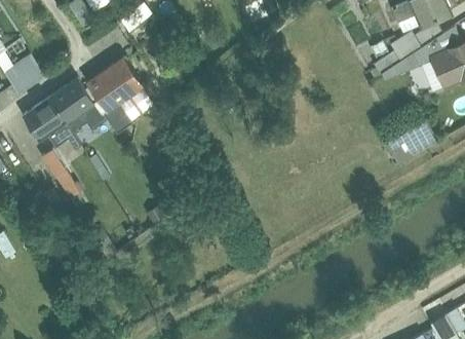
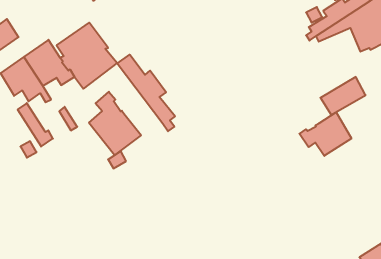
building: none -> [117,55,175,131]
building: none -> [89,92,141,155]
building: none -> [299,112,351,156]

